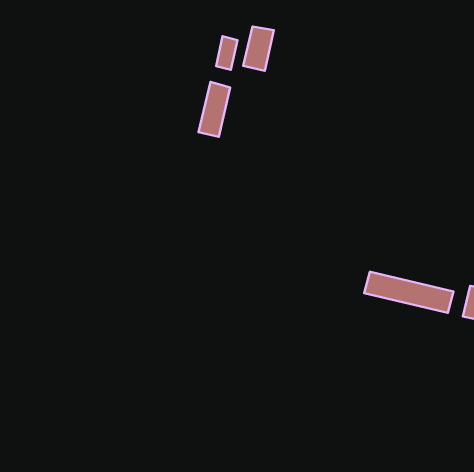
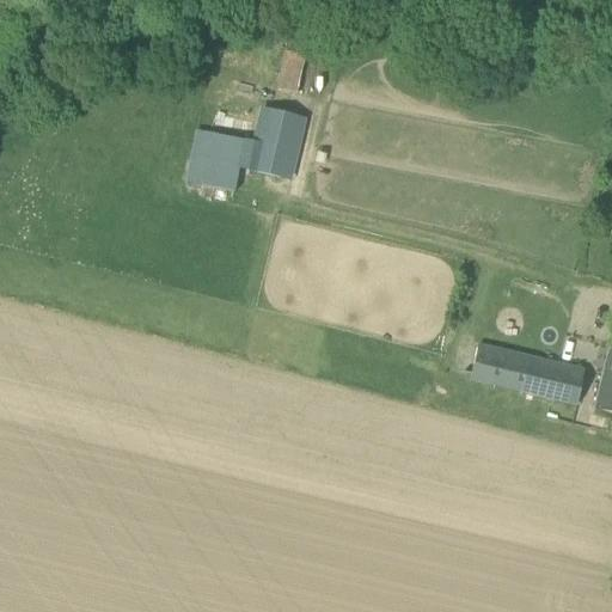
building: [243,26,274,71] -> none
building: none -> [202,130,246,186]

